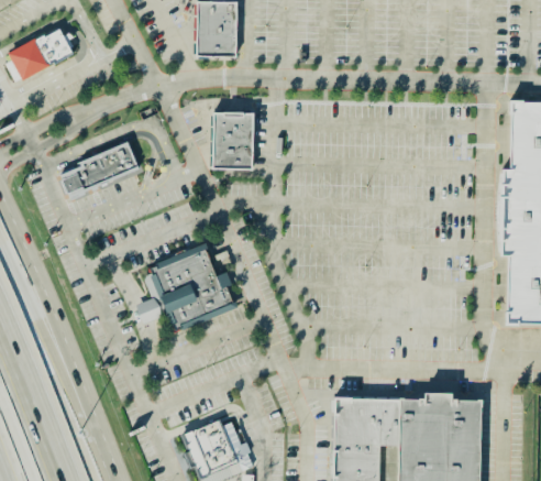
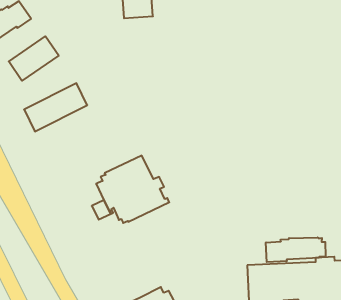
building: none -> [9,36,59,81]
building: [212,112,252,168] -> none
building: none -> [266,237,325,262]

